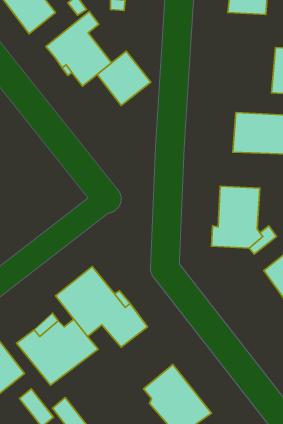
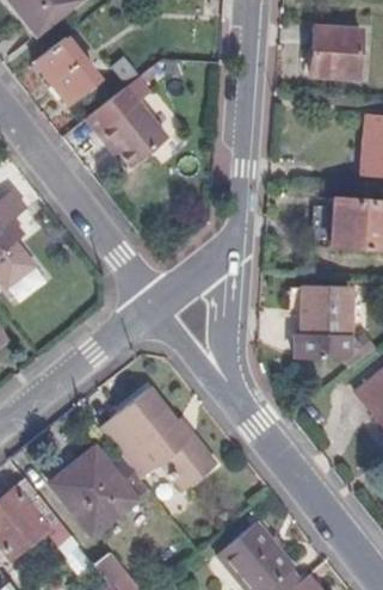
building: [97,51,151,106] -> none

